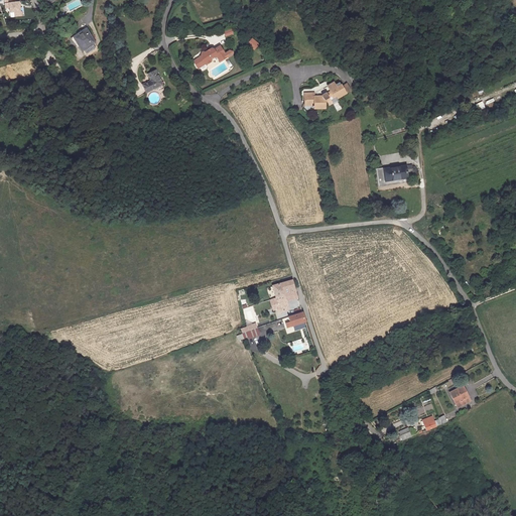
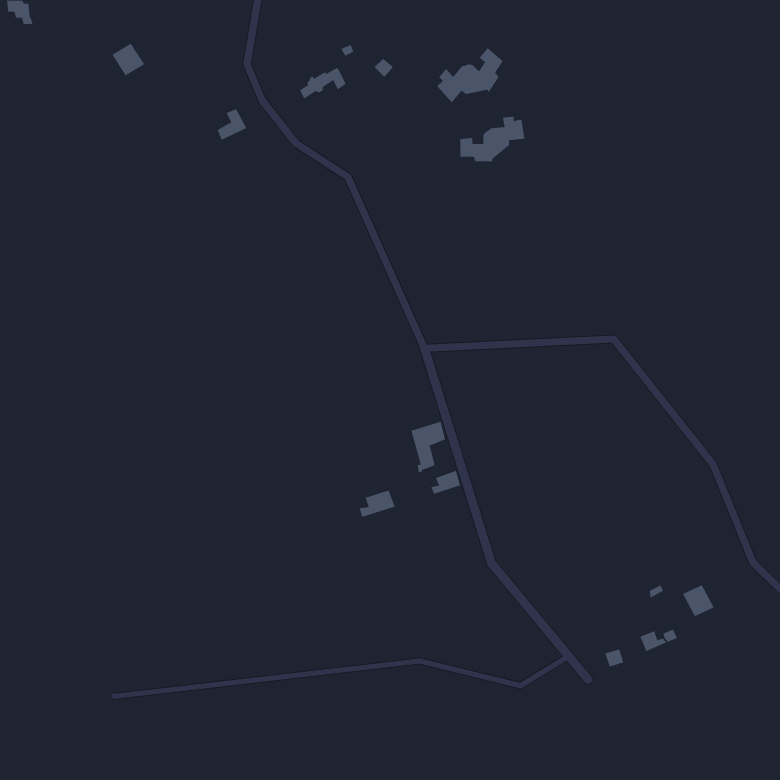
building: none -> [437,47,503,103]
building: [377,168,414,184] -> none

